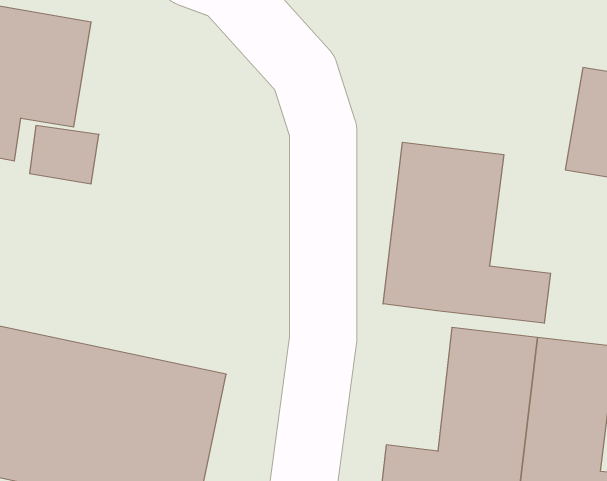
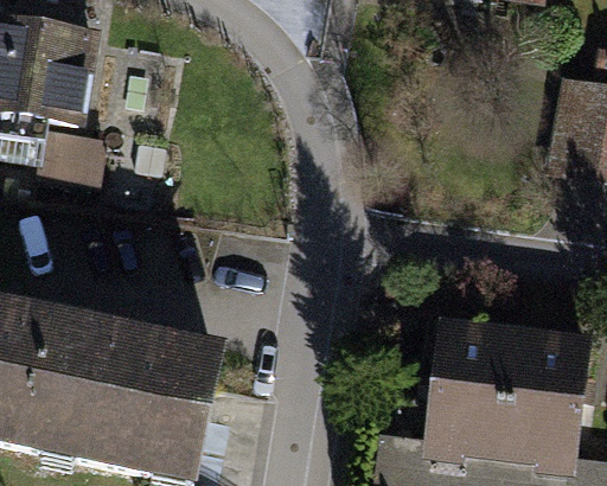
building: [383,142,551,323] -> none

